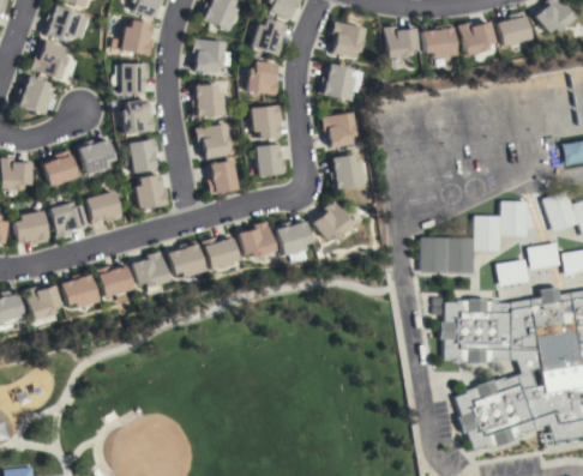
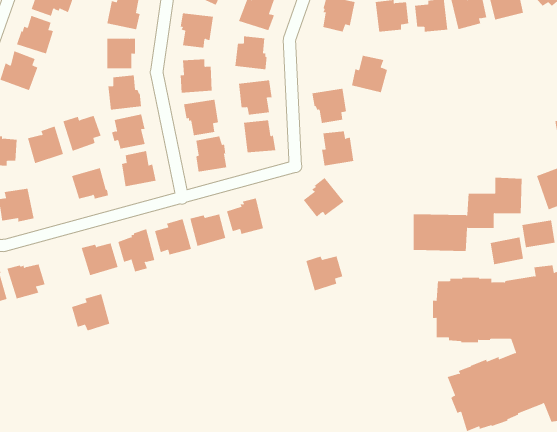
building: [320,64,356,101] -> [351,55,388,93]
building: [50,201,89,239] -> none
building: [276,222,313,257] -> [305,256,343,291]
building: [60,271,98,308] -> [71,294,110,331]

